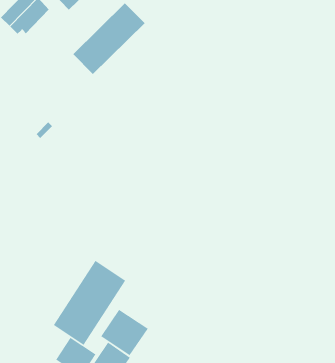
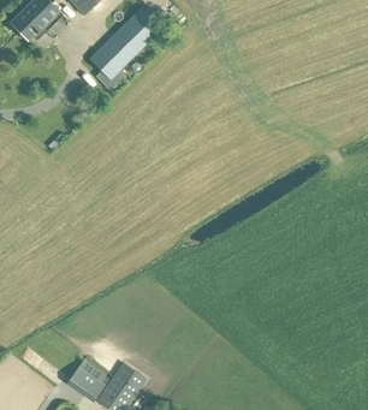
building: [53,260,126,346] -> none
building: [100,309,149,356] -> none

